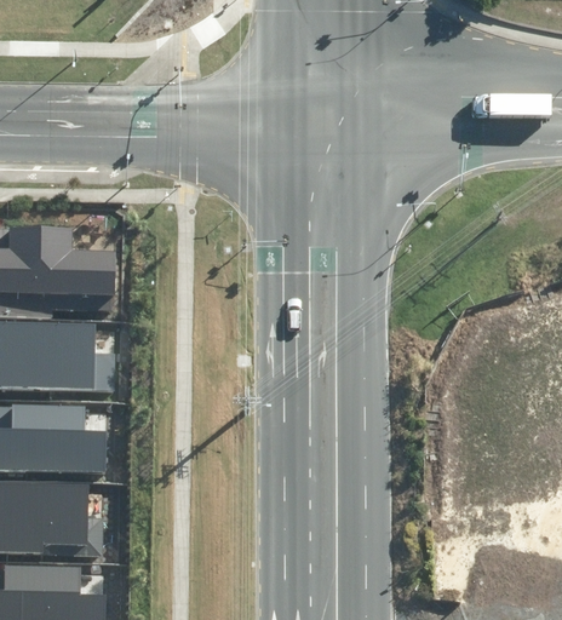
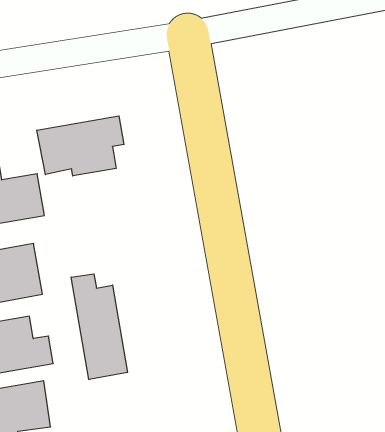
building: none -> [37,116,124,176]
building: none -> [71,274,128,380]

